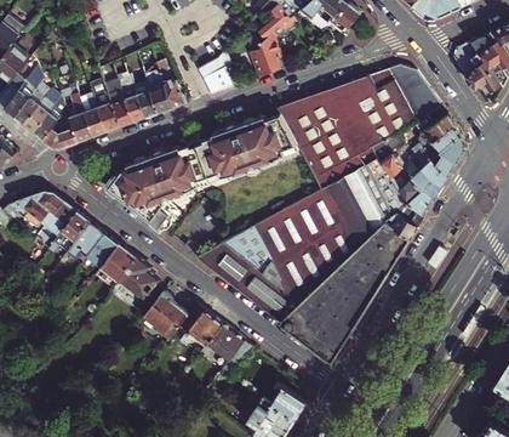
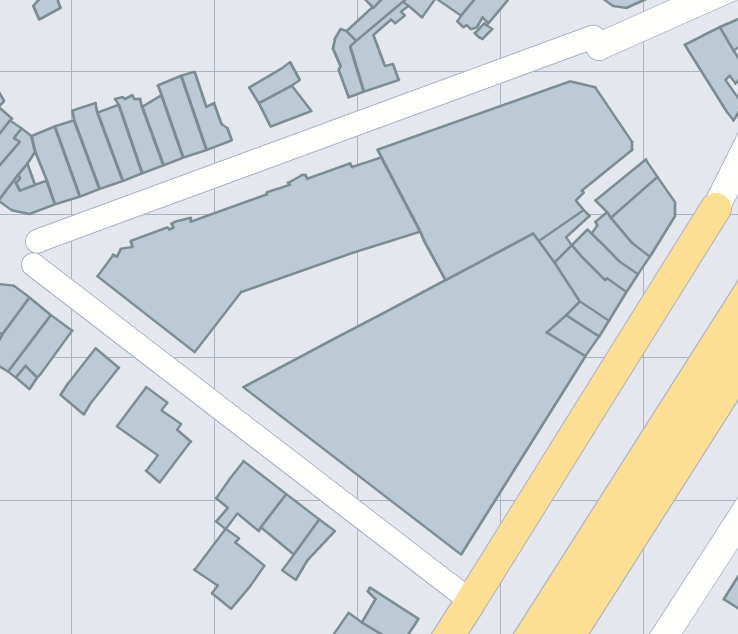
building: [452,42,497,91] -> none
building: [69,221,103,254] -> none
building: [99,244,135,280] -> none
building: [143,290,187,340] -> [194,529,264,609]

